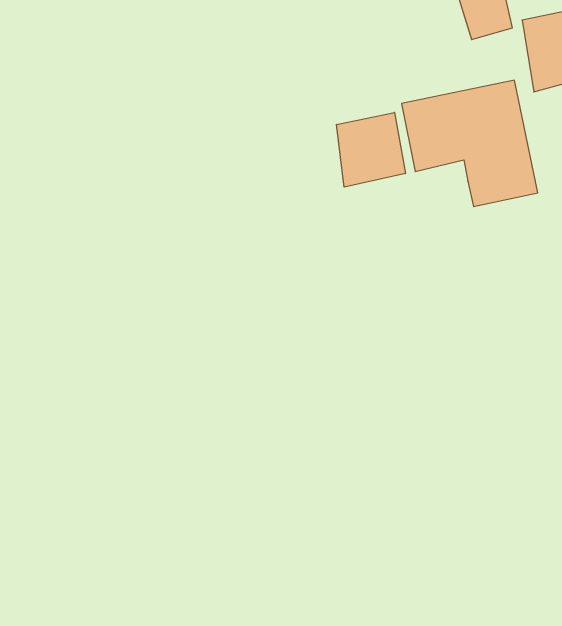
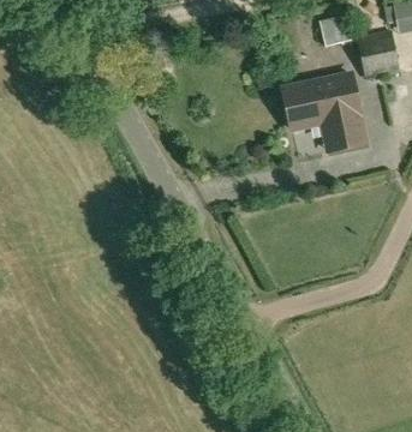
building: [336,112,405,187] -> none

